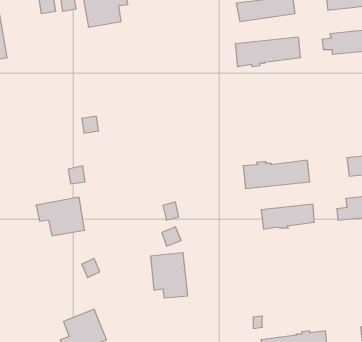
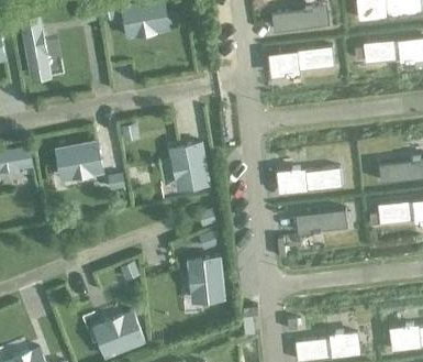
building: none -> [170,143,210,188]
building: [36,197,85,236] -> [56,142,103,179]

